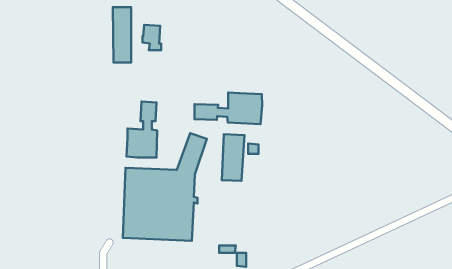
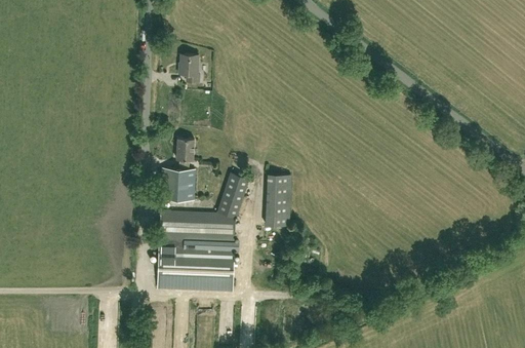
building: [113,7,131,62] -> none
building: [194,93,262,124] -> none

